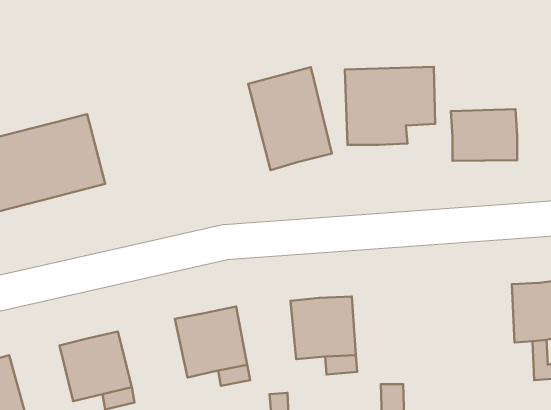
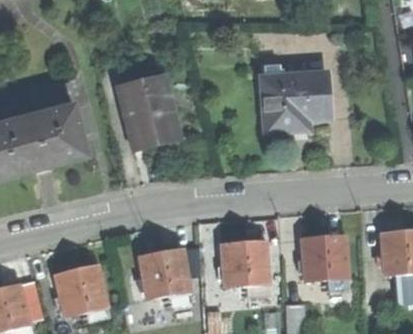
building: [248,67,332,170] -> [119,72,179,146]
building: [451,109,517,161] -> none
building: none -> [302,233,349,280]

